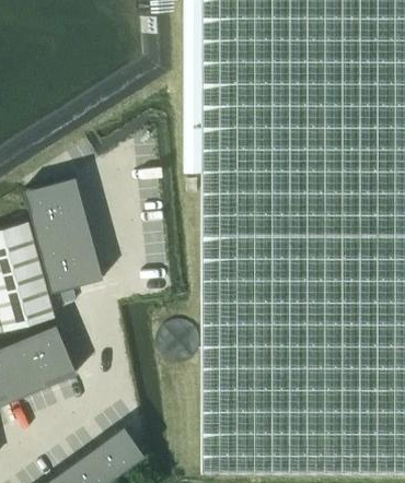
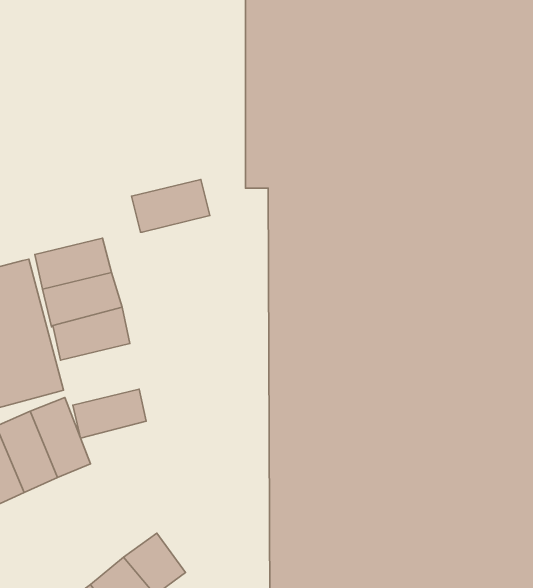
building: [24,182,81,221] -> [132,179,210,232]
building: none -> [73,389,146,438]

